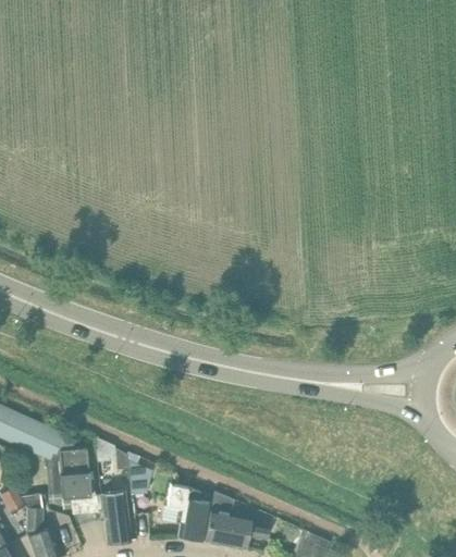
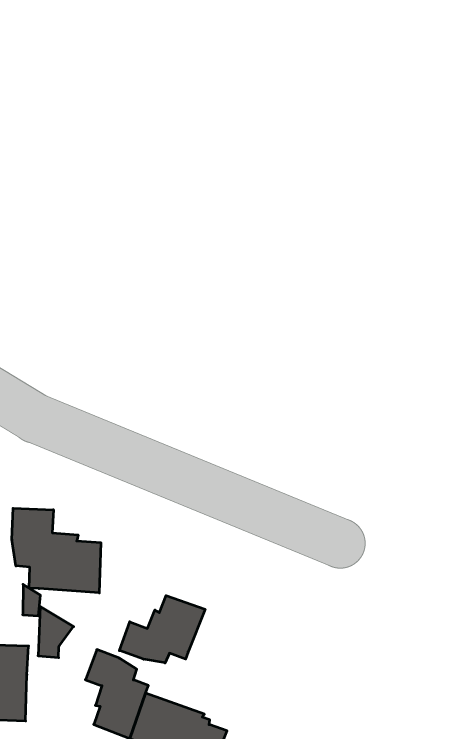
building: none -> [12,508,101,593]
building: none -> [119,596,205,663]

